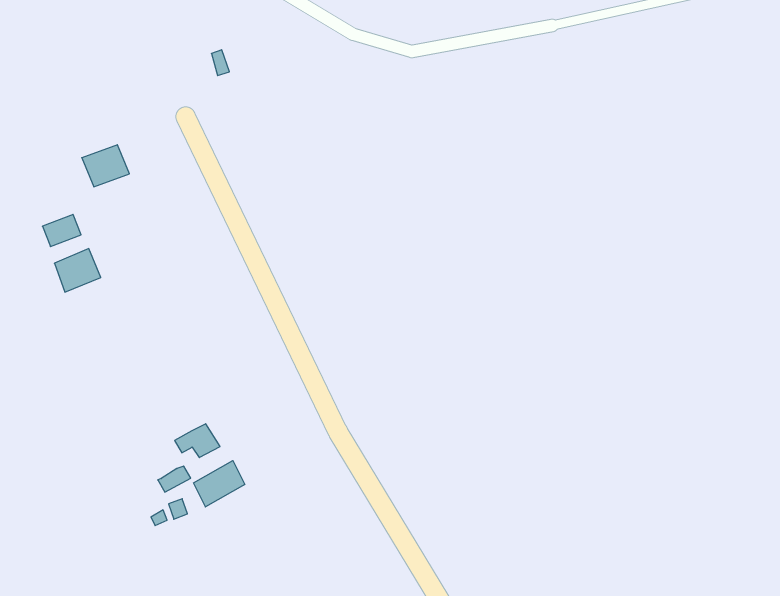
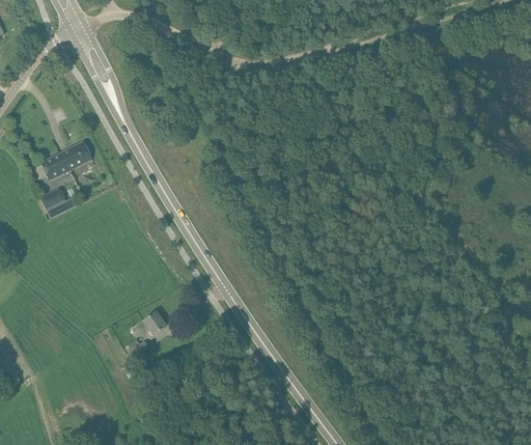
building: [54,249,101,292] -> [41,152,72,182]
building: [194,461,245,507] -> none

